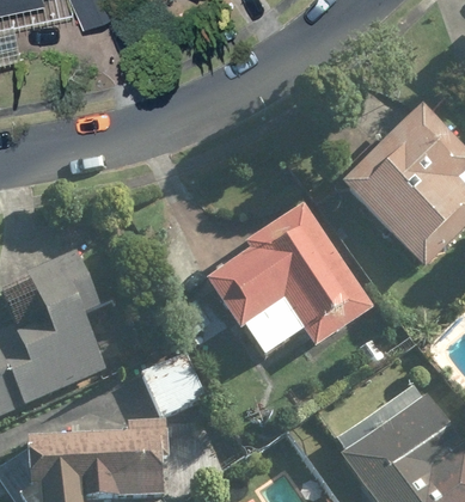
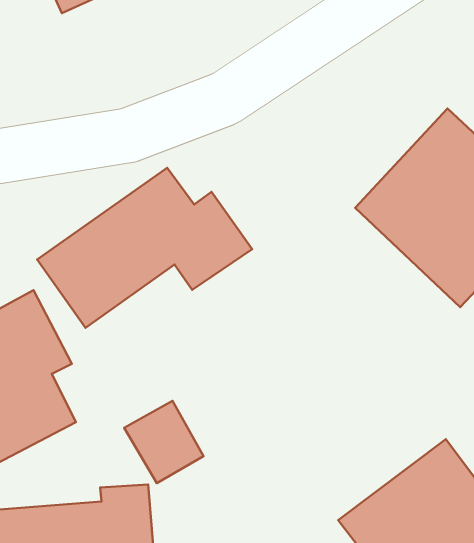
building: none -> [37,168,252,328]
building: [203,203,374,363] -> none

